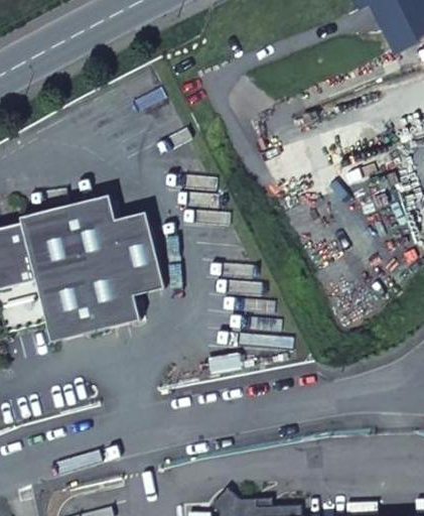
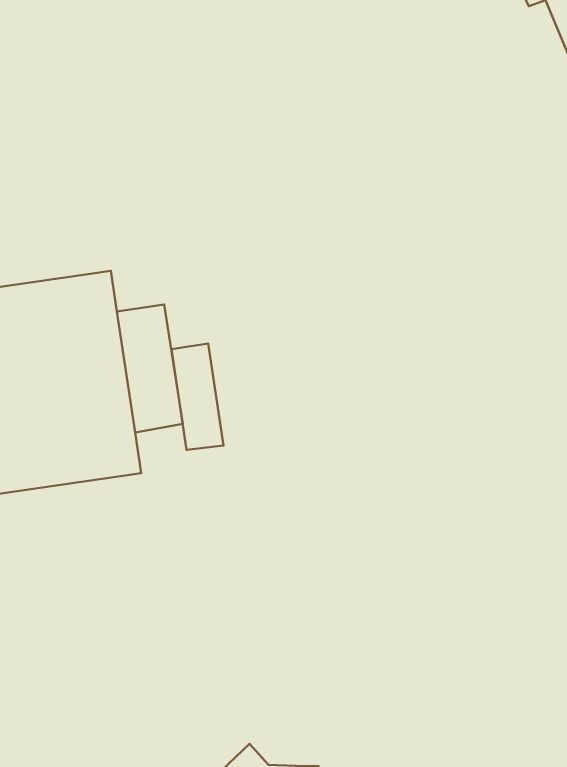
building: none -> [172,344,224,450]

